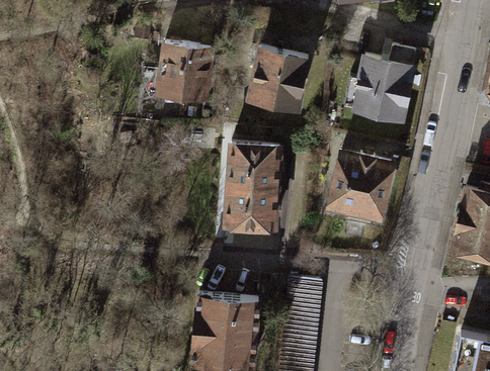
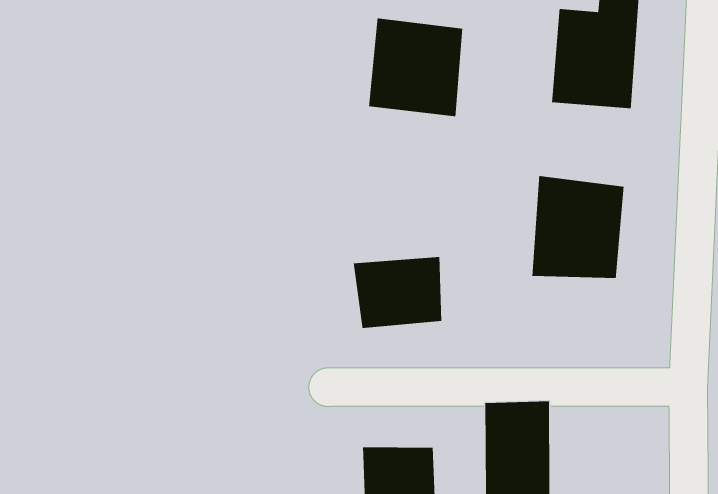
building: [144,44,212,100] -> none
building: [227,145,281,190] -> none

